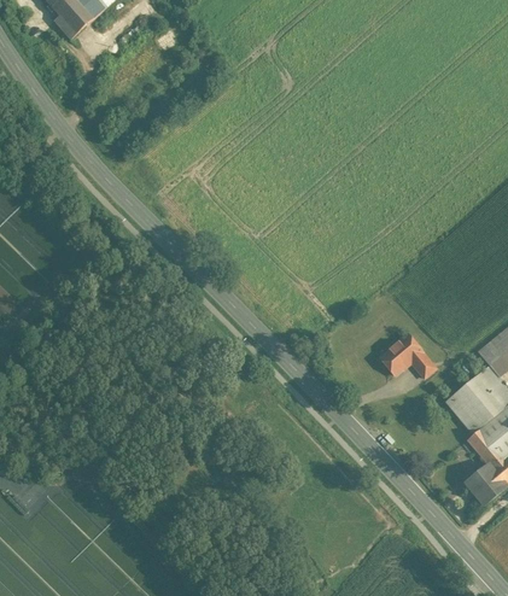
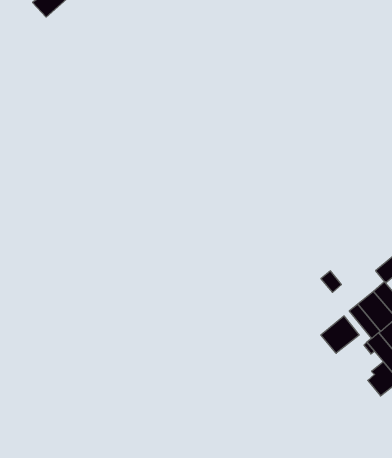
building: [380,334,422,374] -> none
building: none -> [321,316,359,353]

